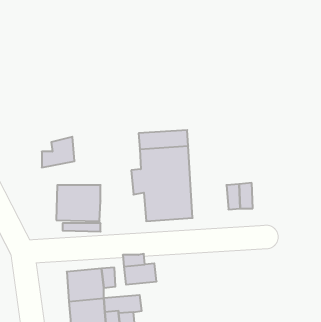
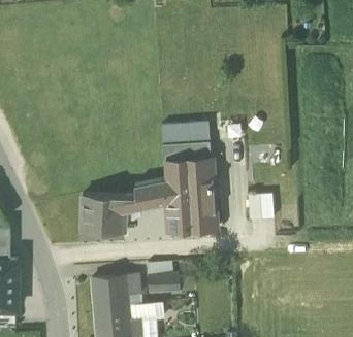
building: none -> [161,125,210,146]
building: [42,137,75,167] -> [125,182,157,212]

